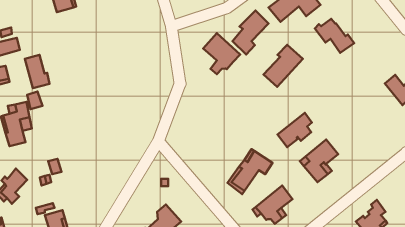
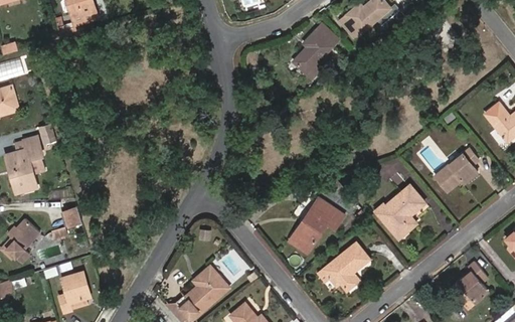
building: [315,19,354,53] -> none
building: [203,33,240,74] -> none
building: [263,45,303,87] -> none
building: [25,55,50,88] -> none
building: [277,113,312,147] -> [434,148,477,191]

